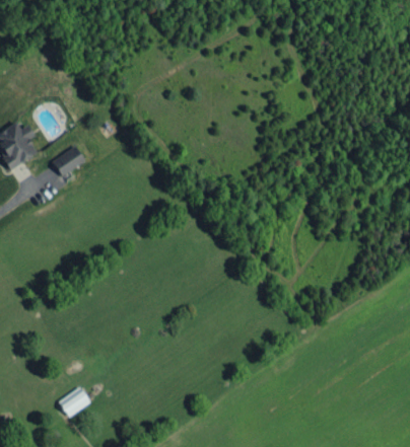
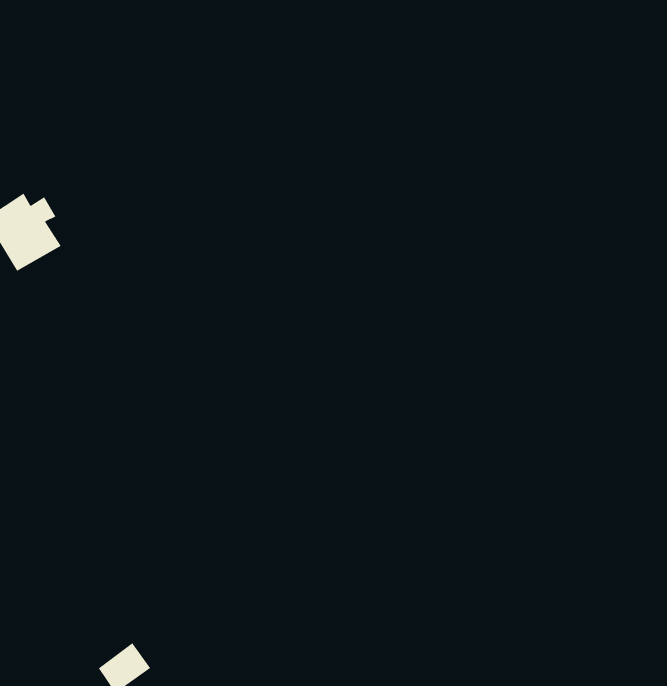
building: [52,146,85,177] -> none

